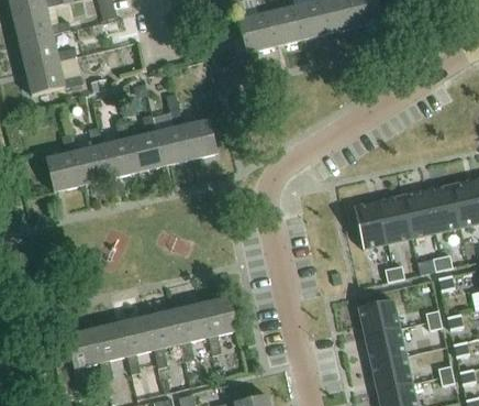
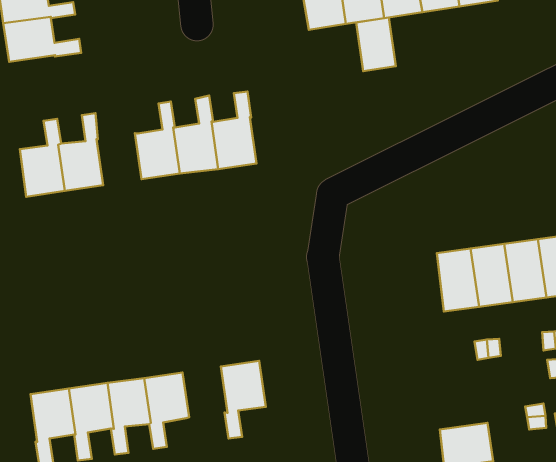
building: none -> [356,17,396,71]
building: [98,120,133,178] -> none
building: [358,298,399,334] -> none
building: [175,303,210,360] -> none

